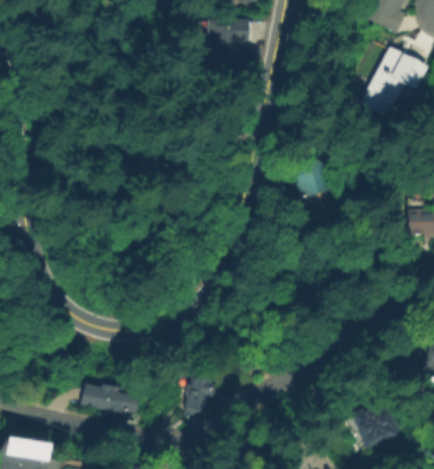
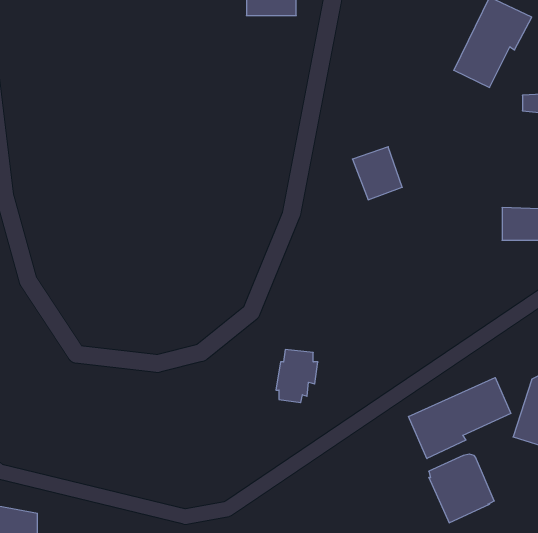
building: none -> [409,378,511,459]
building: [180,373,212,414] -> [276,350,318,403]
building: [77,381,137,415] -> none

